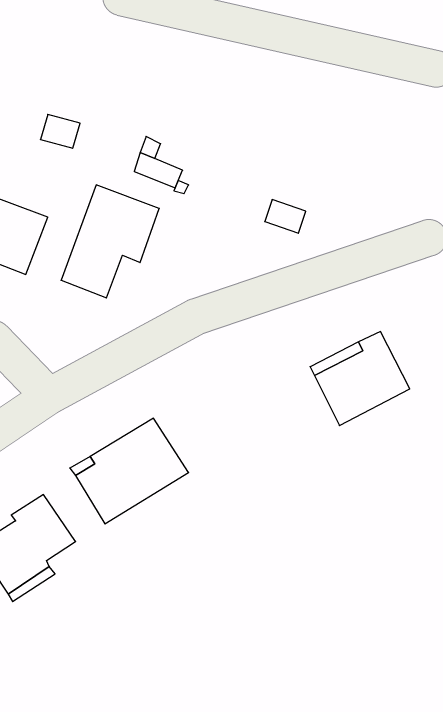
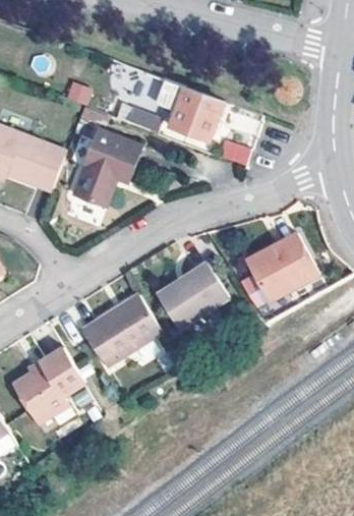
building: none -> [105,62,230,142]
building: none -> [157,262,228,328]

